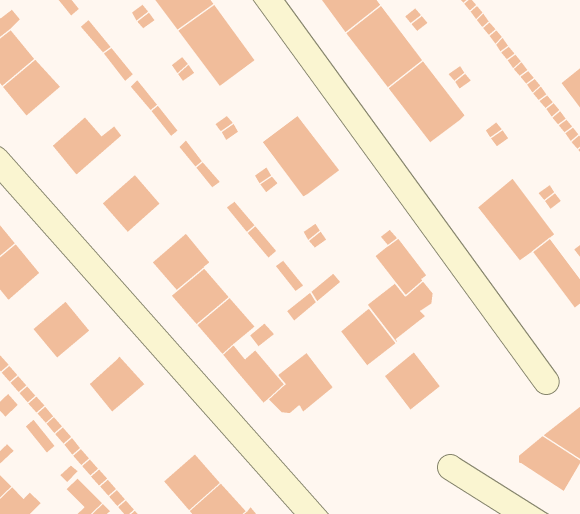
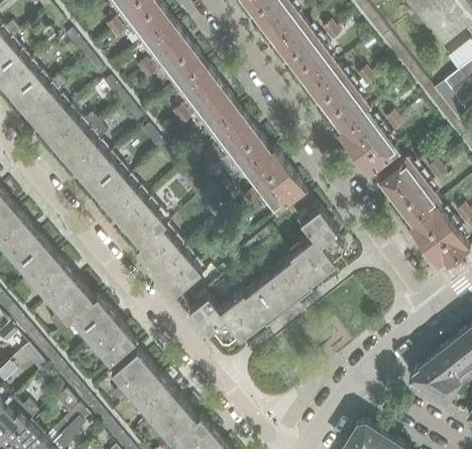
building: none -> [174,64,236,129]
building: none -> [22,79,69,132]
building: none -> [336,112,397,177]
building: none -> [62,124,108,177]
building: none -> [244,148,307,214]
building: none -> [102,177,148,223]
building: none -> [406,215,454,268]
building: none -> [8,232,53,276]
building: none -> [46,277,93,331]
building: [381,352,441,411] -> [243,278,290,324]
building: none -> [90,319,136,364]
building: none -> [110,350,155,404]

